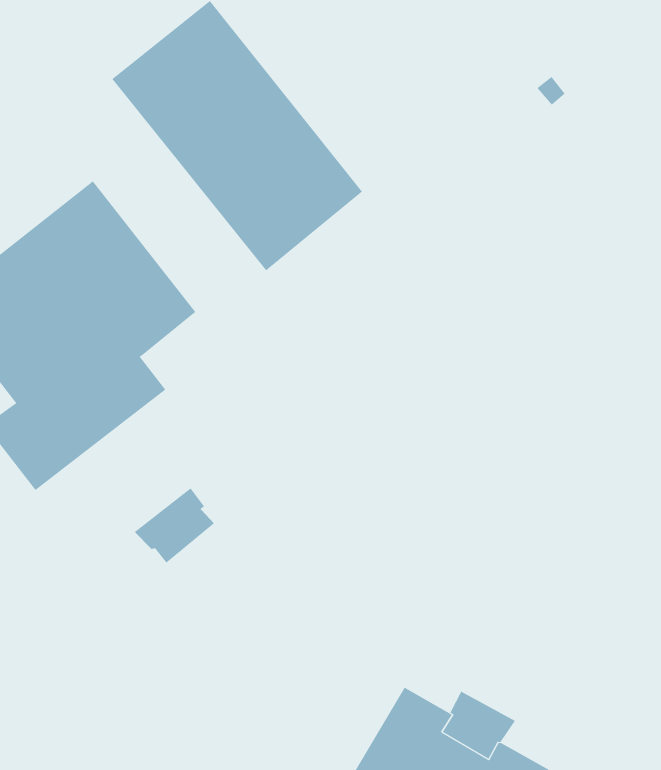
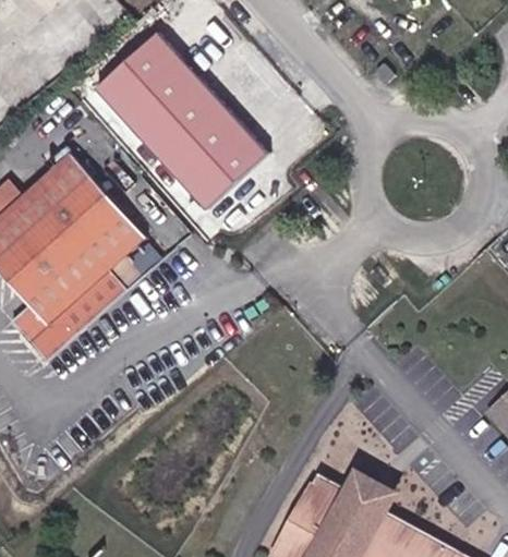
building: [134,487,215,564] -> none

